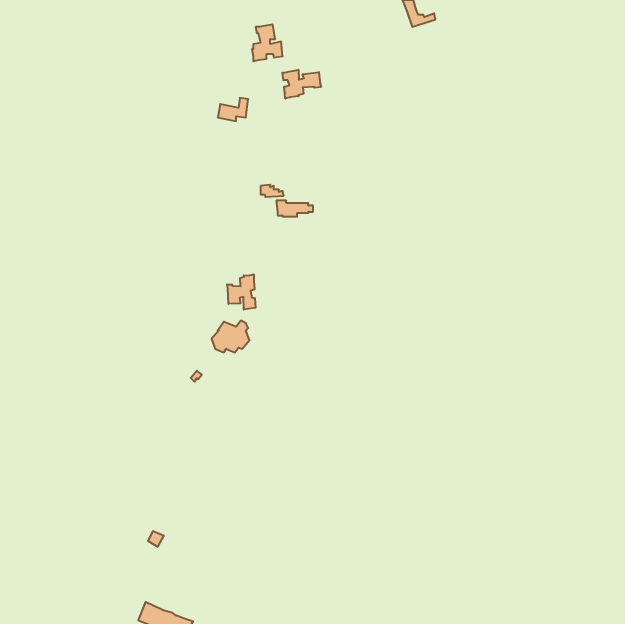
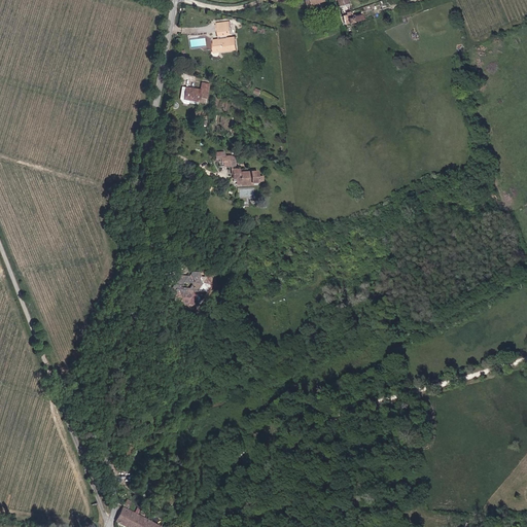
building: [282,70,321,99] -> none
building: [227,274,256,310] -> none

